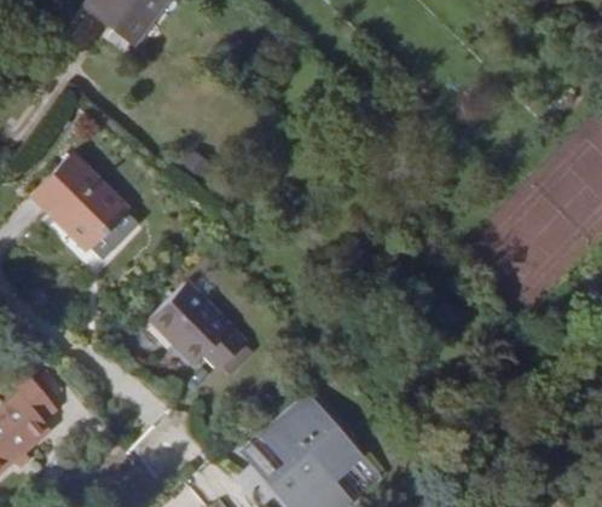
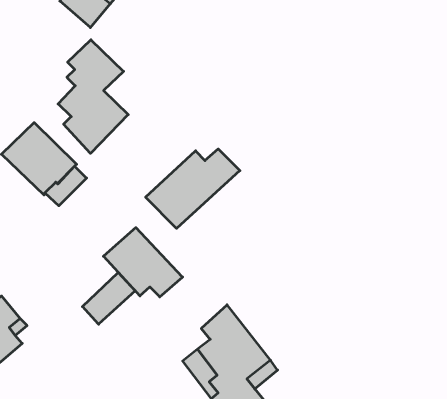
building: none -> [58,40,128,153]
building: none -> [146,149,240,228]
building: none -> [82,272,135,324]

